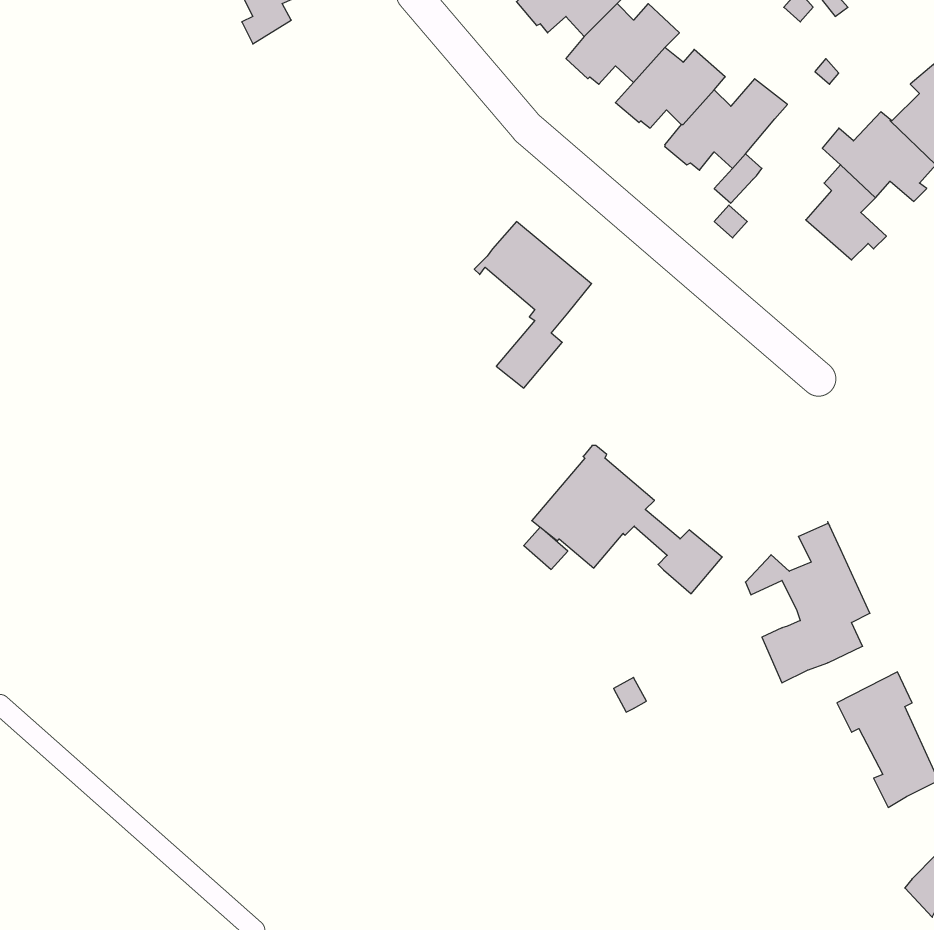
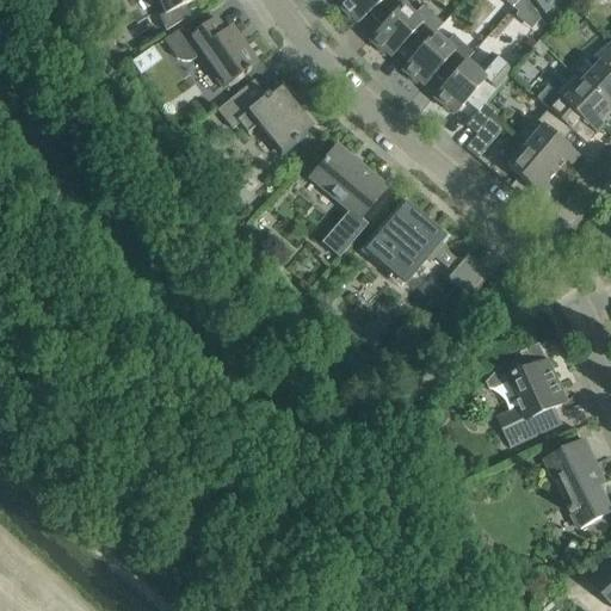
building: none -> [165,16,258,85]
building: none -> [217,78,313,149]
building: none -> [508,143,556,195]
building: [532,445,722,594] -> [365,199,489,296]

